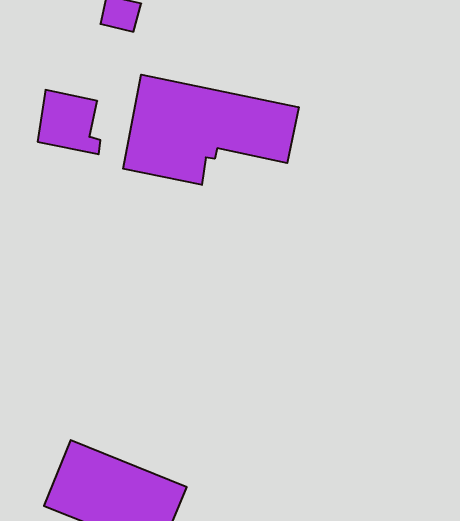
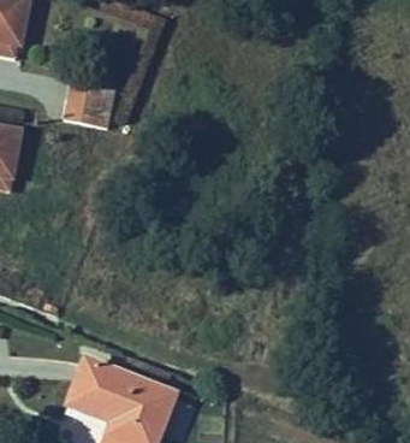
building: [123,75,299,185] -> none

